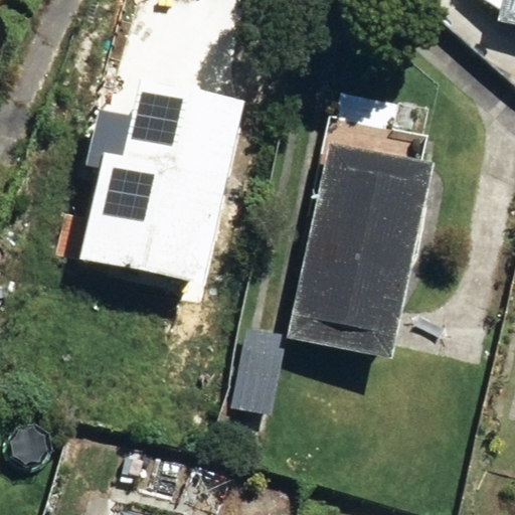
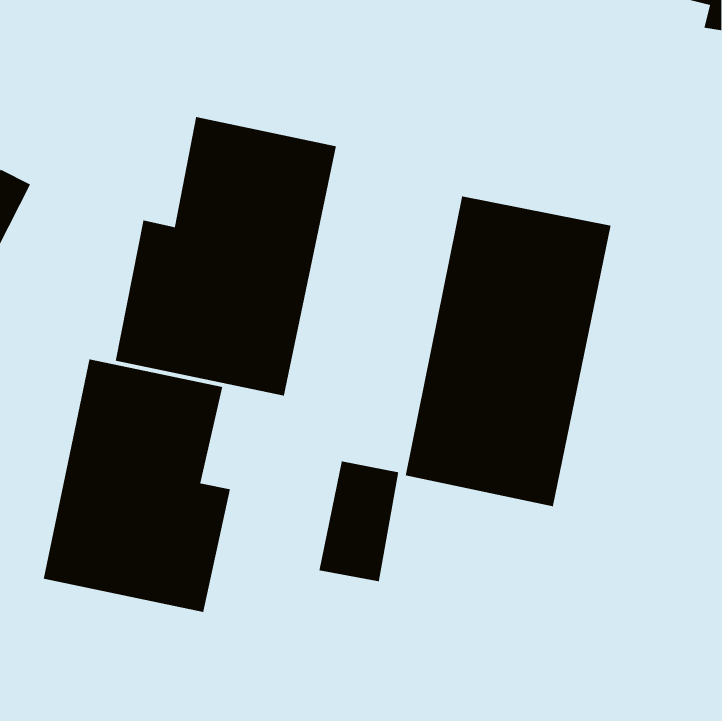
building: none -> [43,359,231,613]

